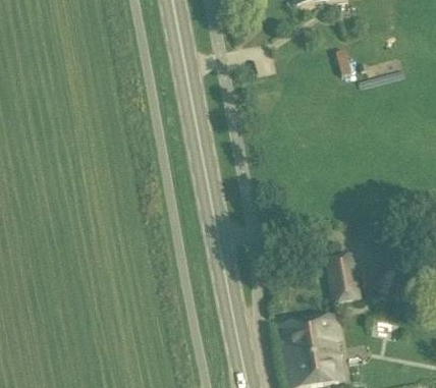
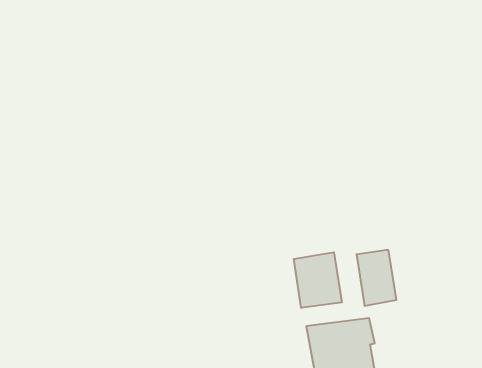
building: none -> [294,252,342,308]

